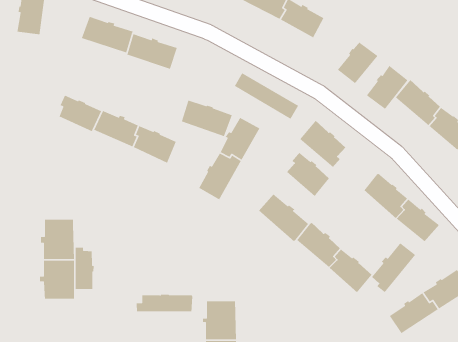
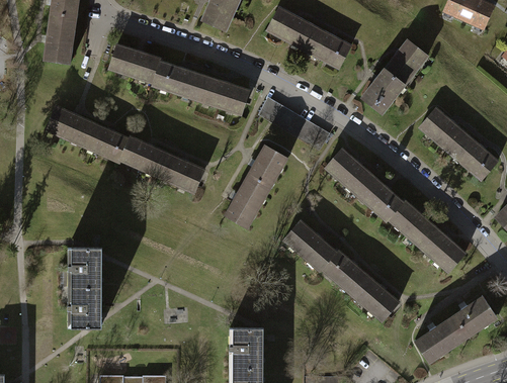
building: [366,65,409,110] -> [385,40,427,85]
building: none -> [45,107,92,146]
building: [181,100,233,137] -> [197,77,249,114]
building: [286,152,330,197] -> [358,176,402,220]
building: [371,242,416,293] -> none
building: [75,247,95,290] -> none
building: [136,294,193,312] -> none

